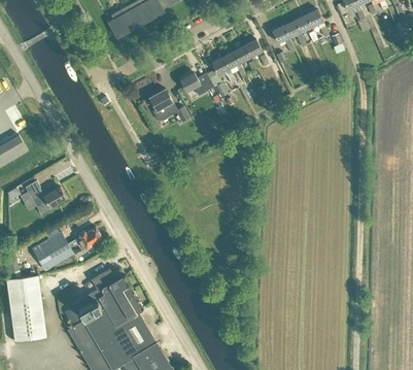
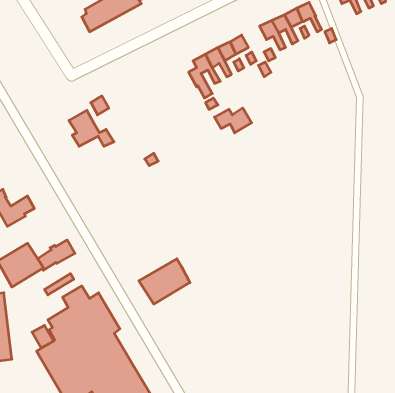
building: [180,72,214,95] -> [214,108,252,133]
building: [149,89,191,122] -> [69,110,114,146]
building: none -> [139,259,190,304]

